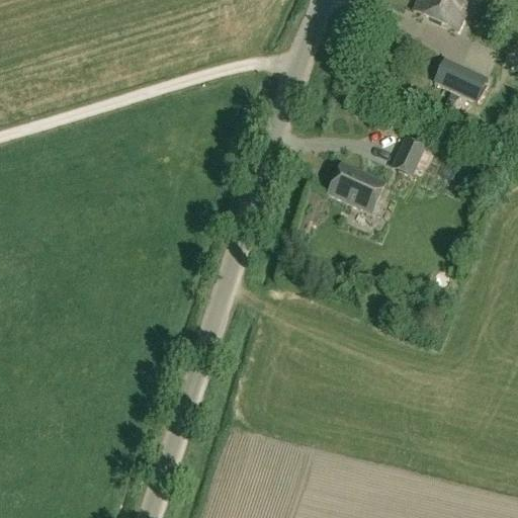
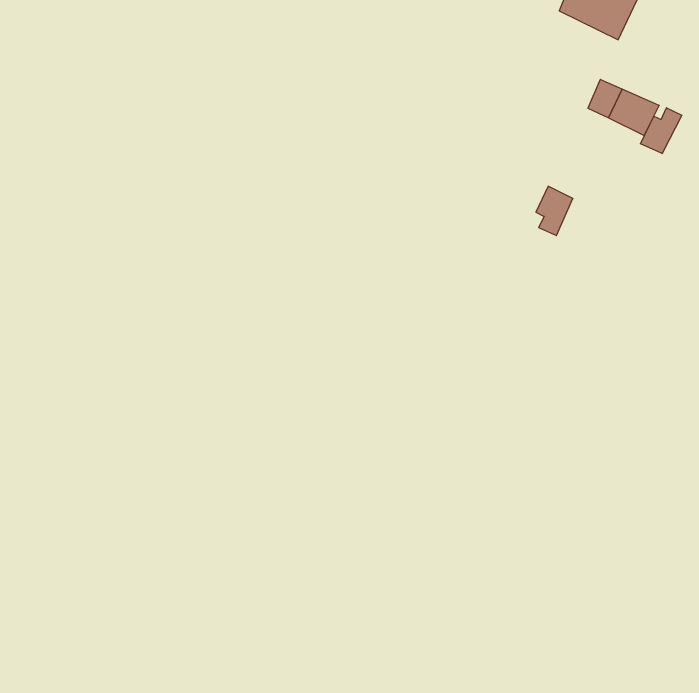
building: none -> [640,108,682,154]
building: [328,162,385,211] -> none

